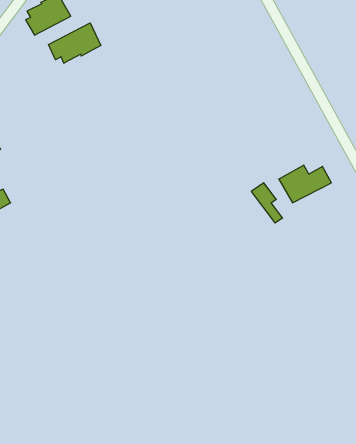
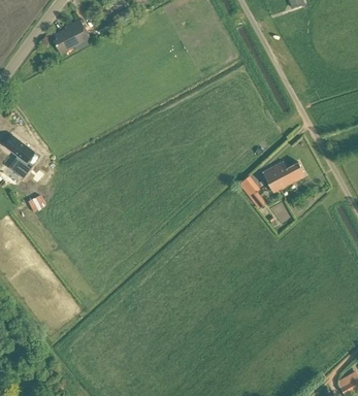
building: [49,23,101,63] -> none

